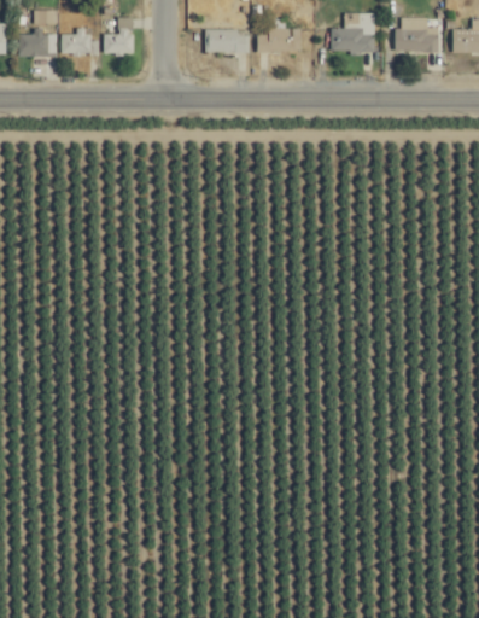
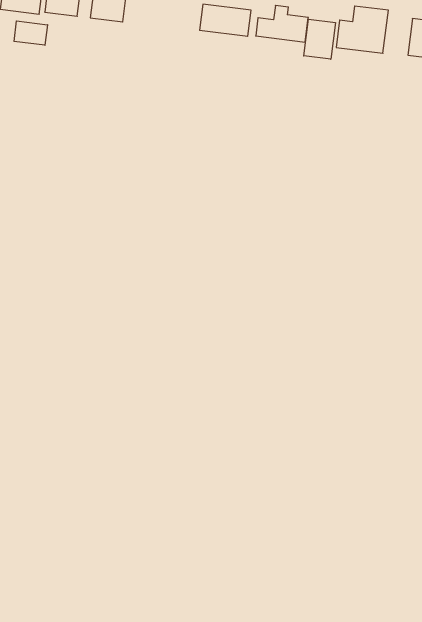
building: none -> [304,19,335,59]
building: none -> [14,21,48,45]

